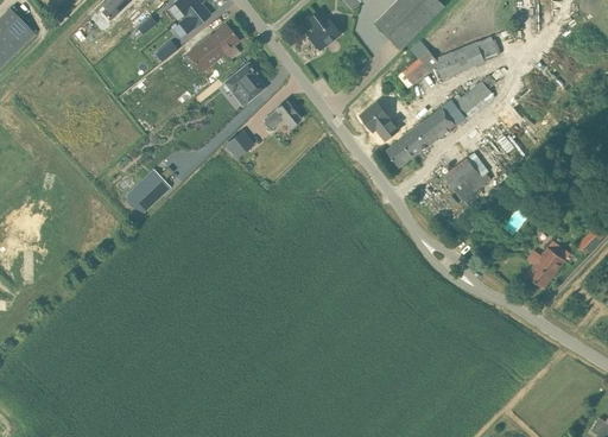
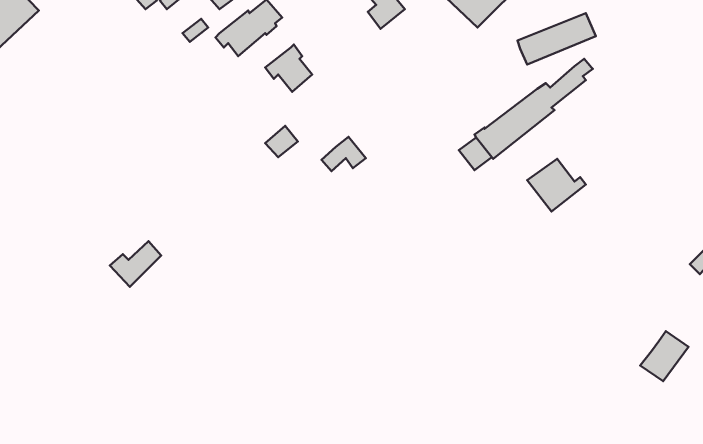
building: [398,42,436,89] -> none
building: [262,101,299,129] -> [322,137,366,171]
building: [361,101,399,141] -> none
building: [126,175,169,213] -> [110,241,161,287]
building: [525,247,565,289] -> [640,331,689,381]

